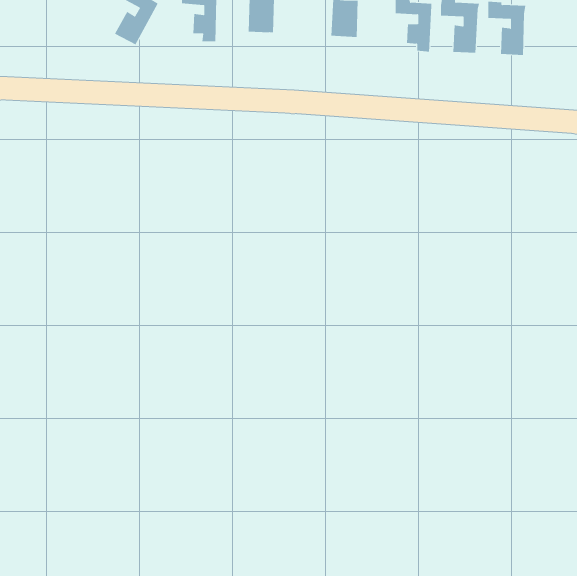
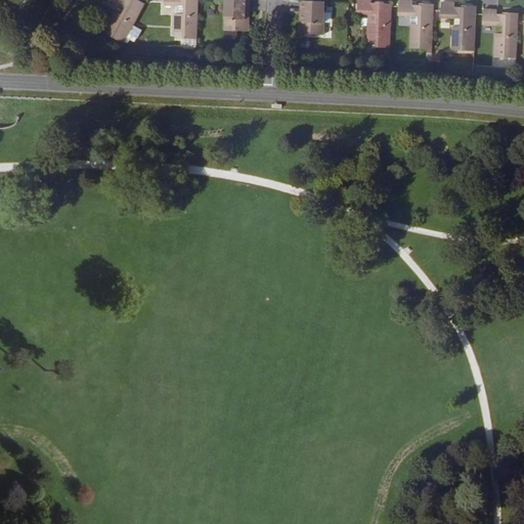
building: none -> [483,7,518,57]

